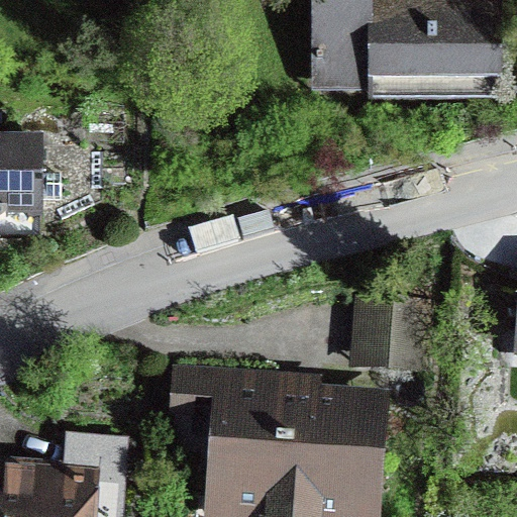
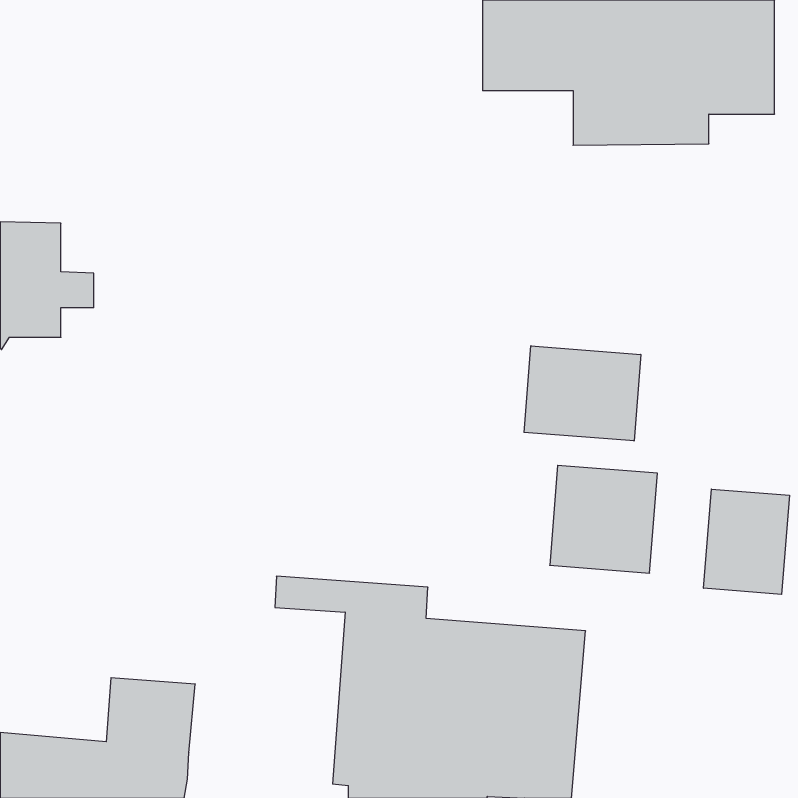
building: none -> [524,346,641,441]
building: none -> [704,489,789,594]

